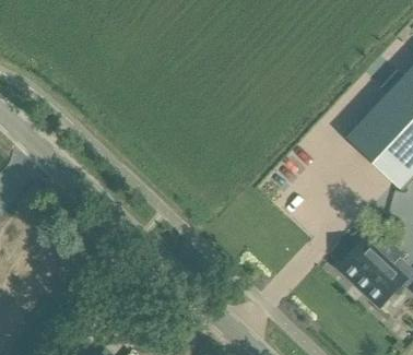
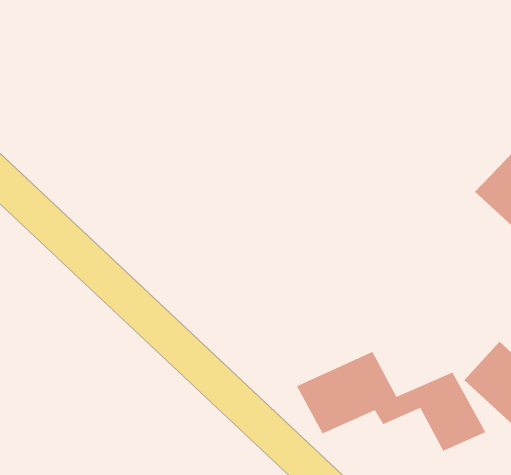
building: none -> [296,351,487,452]

